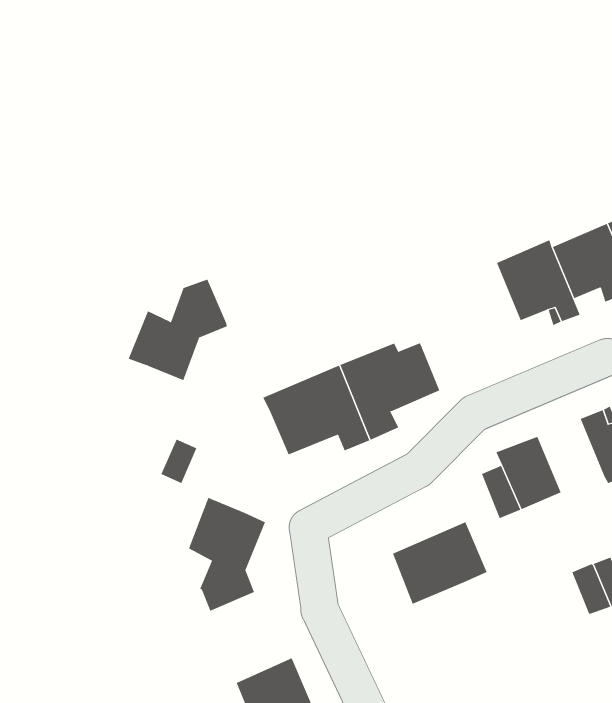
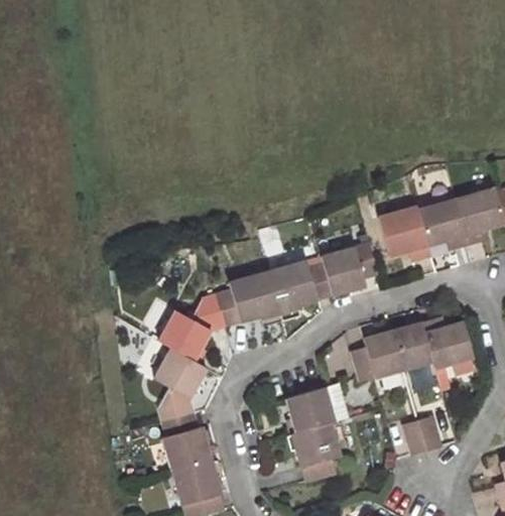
building: [128,279,228,381] -> [158,293,227,359]
building: none -> [322,242,379,294]
building: none -> [393,325,433,372]
building: none -> [293,423,341,483]
building: none -> [162,412,213,471]

